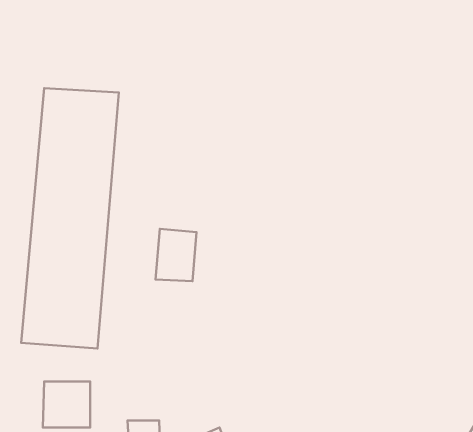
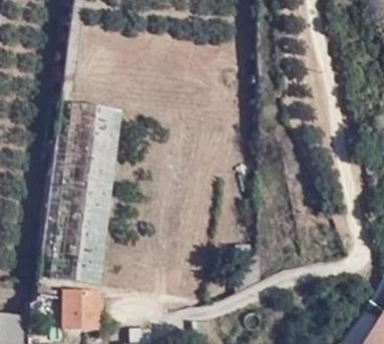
building: [156,229,197,281] -> none

